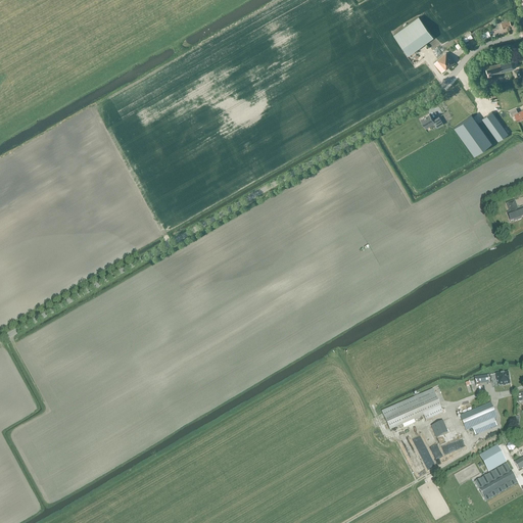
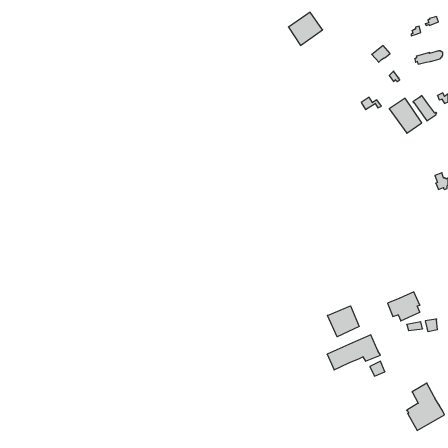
building: [393,15,433,54] -> [288,12,323,45]
building: none -> [327,306,359,337]
building: [460,402,497,436] -> [388,292,420,321]

